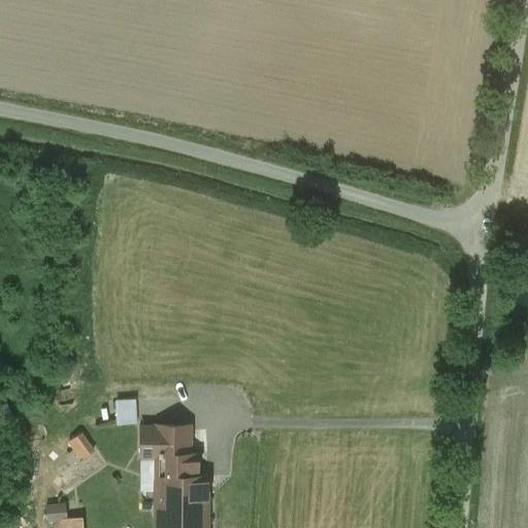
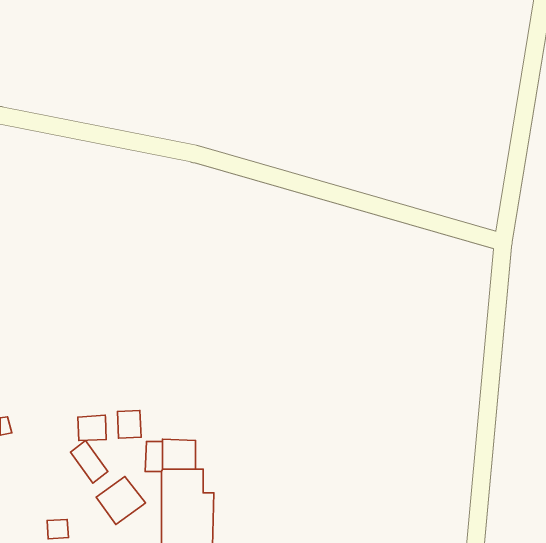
building: none -> [78,415,106,441]
building: none -> [96,477,146,524]

